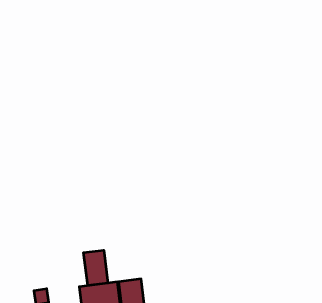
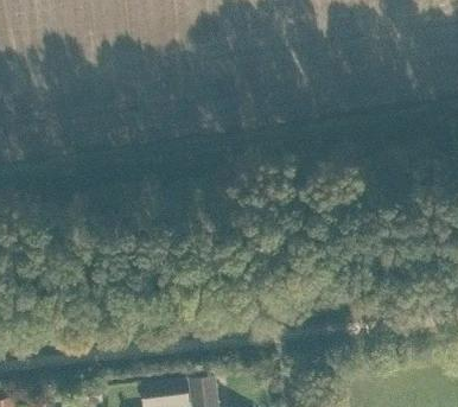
building: [84,250,108,285] -> none

